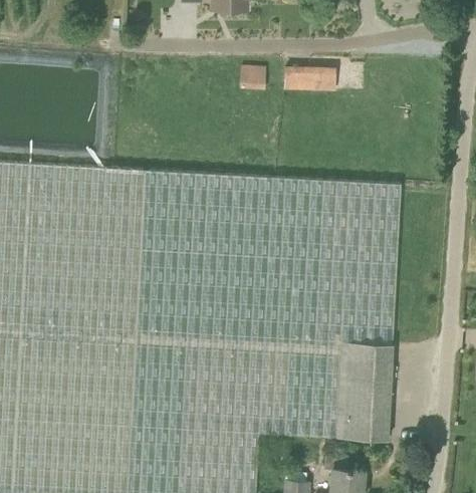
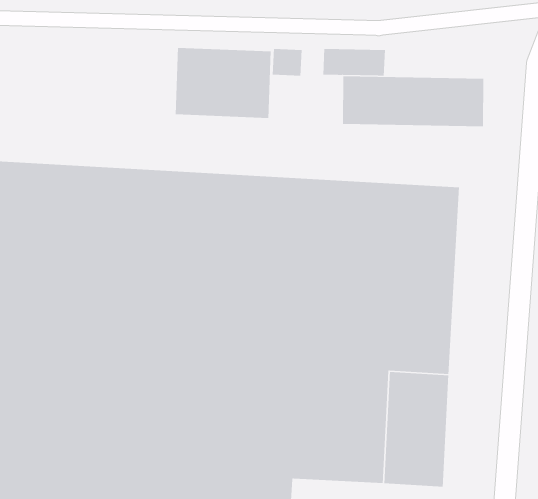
building: none -> [175,47,272,119]
building: none -> [342,76,484,127]

